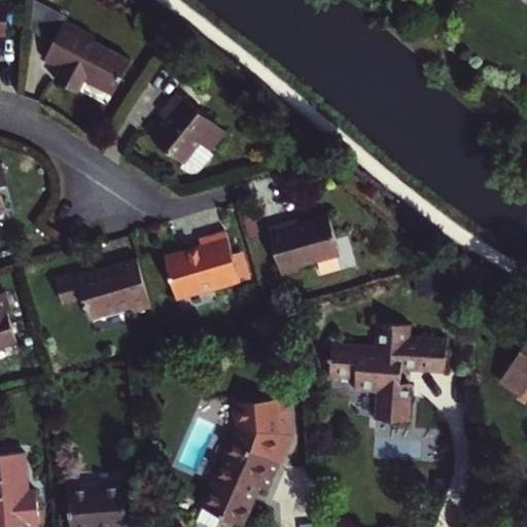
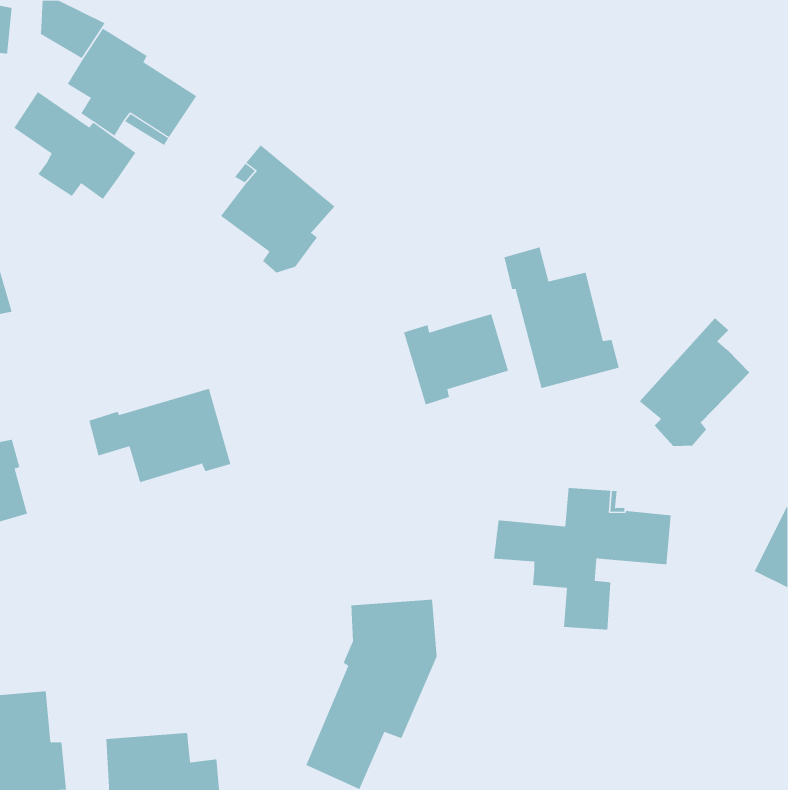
building: none -> [13,91,136,200]
building: none -> [504,246,619,389]
building: none -> [639,317,750,447]
building: [168,233,243,297] -> none

